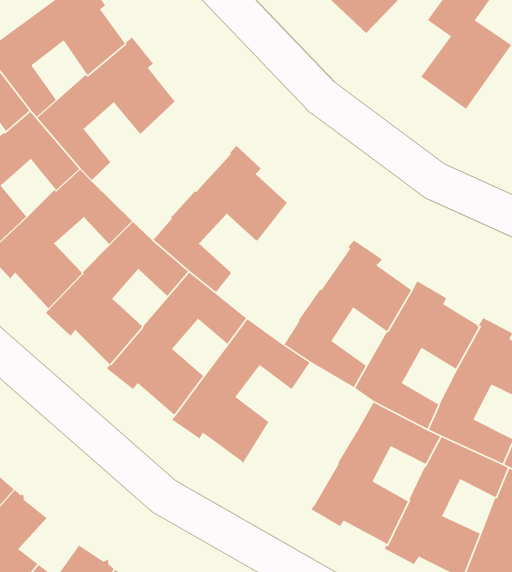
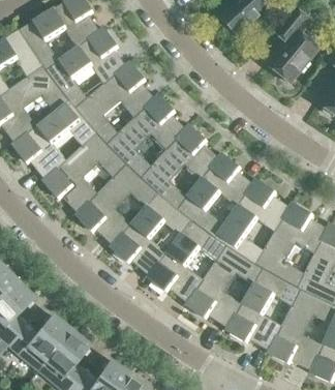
building: none -> [74,61,154,144]
building: none -> [141,124,218,209]
building: none -> [147,220,225,302]

